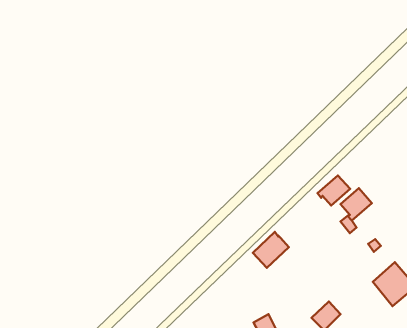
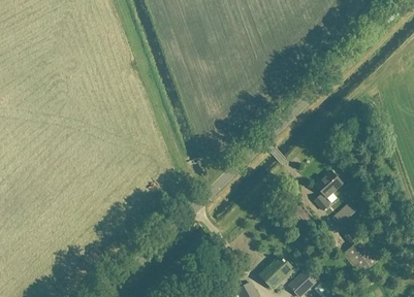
building: [317,175,350,206] -> none
building: [253,232,289,268] -> [260,256,292,288]

